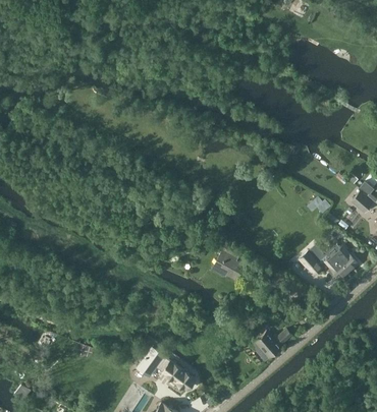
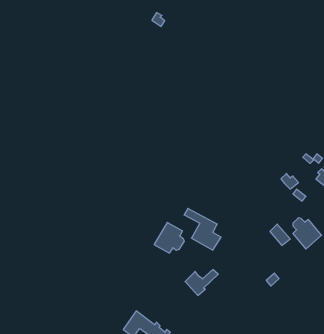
building: none -> [154,222,184,253]
building: [255,329,291,357] -> [185,270,218,295]

